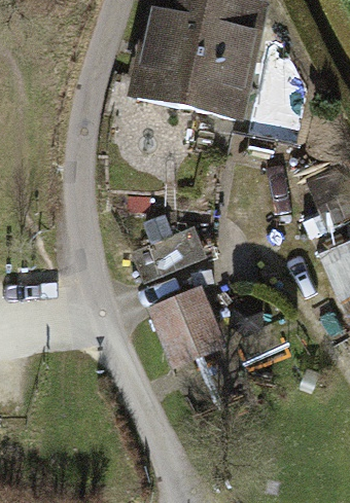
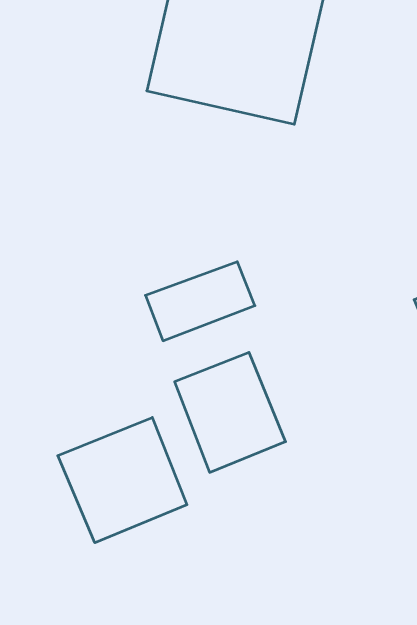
building: none -> [58,417,187,543]

